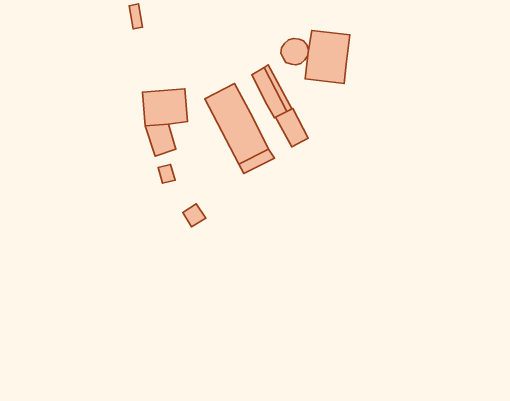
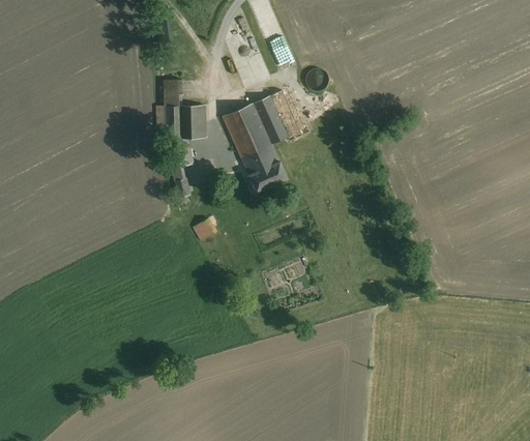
building: [305,31,350,83] -> none
building: none -> [161,79,179,105]
building: [275,108,308,147] -> [253,96,283,134]

